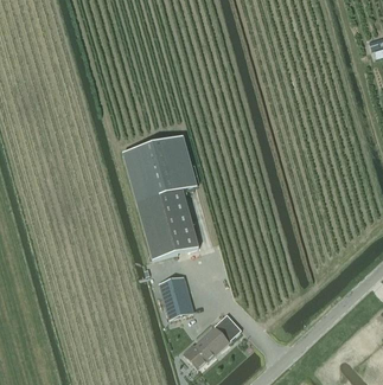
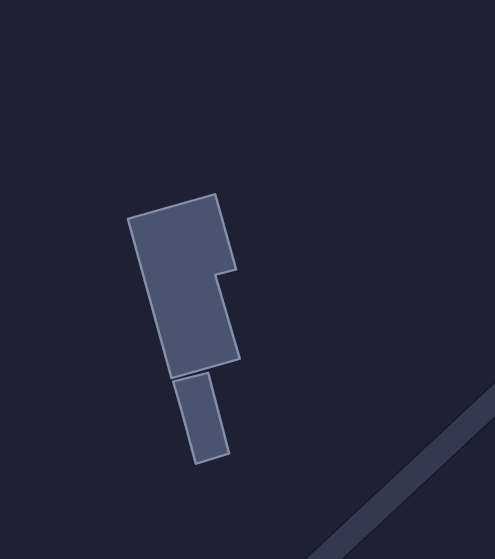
building: [184,313,241,367] -> none

